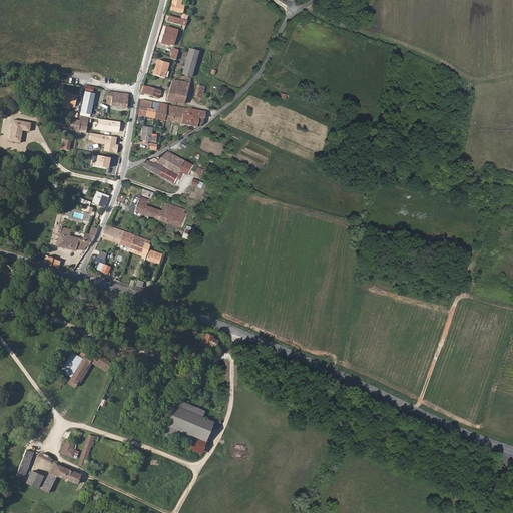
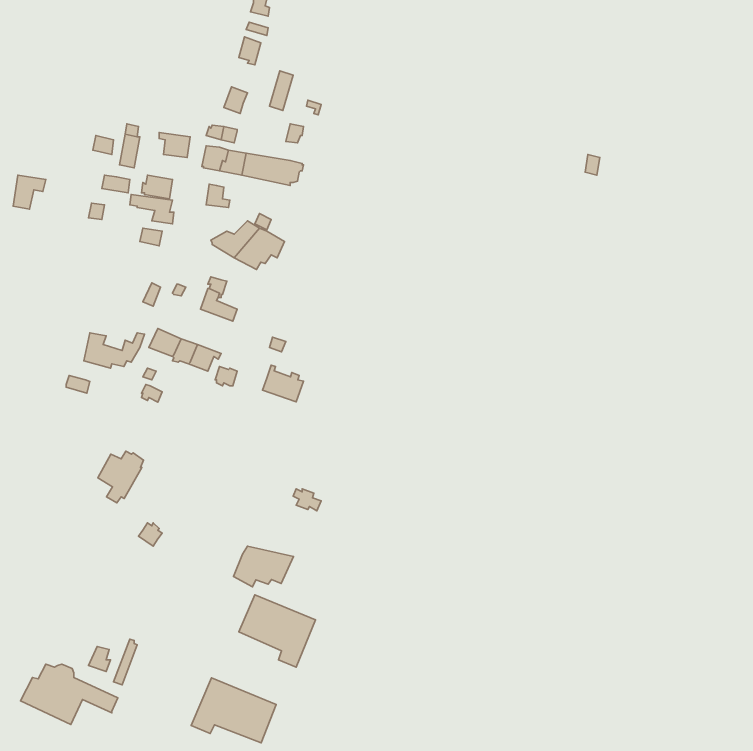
building: [166,78,189,103] -> none
building: [158,201,186,226] -> [262,365,304,402]
building: [61,352,92,387] -> [98,451,143,503]
building: none -> [233,546,294,587]
building: none -> [191,678,276,743]

